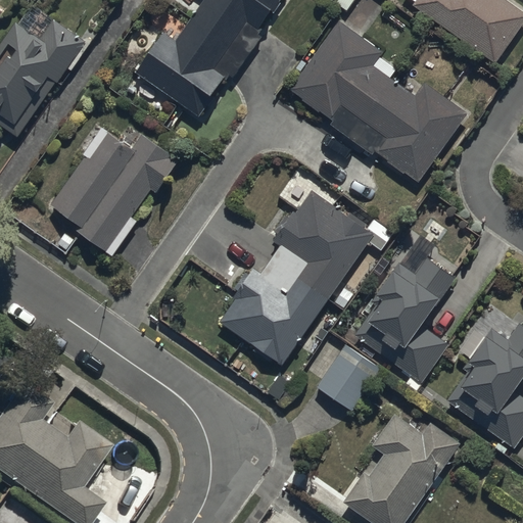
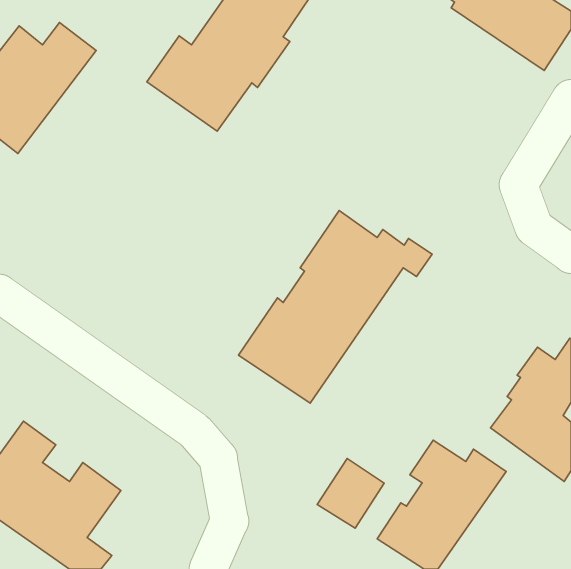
building: [290,22,466,182] -> none
building: [48,131,178,258] -> none
building: [354,233,449,372] -> none
building: [318,335,379,398] -> [317,459,384,528]

